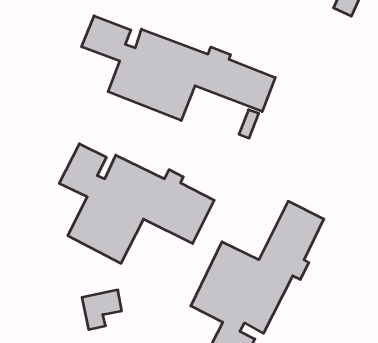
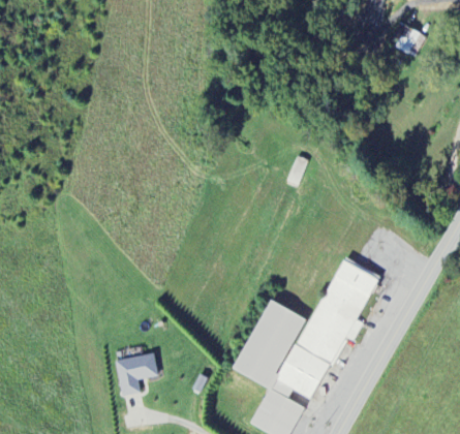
building: [82,16,275,121] -> none
building: [59,144,214,263] -> none

